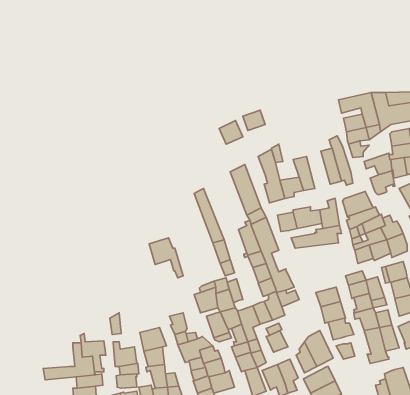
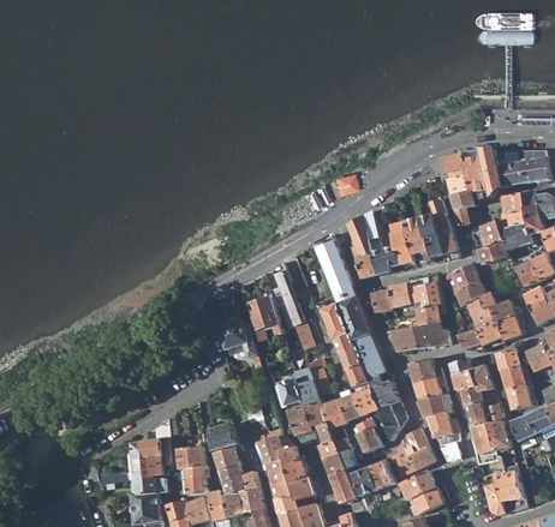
building: none -> [401,217,430,264]
building: none -> [247,295,282,345]
building: none -> [389,325,448,351]
building: none -> [408,358,442,383]
building: none -> [374,391,404,439]

